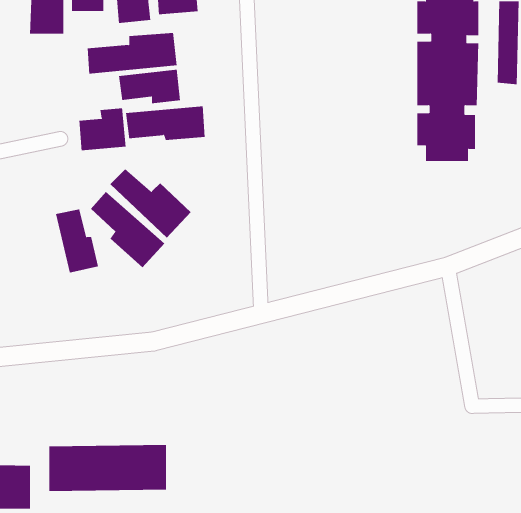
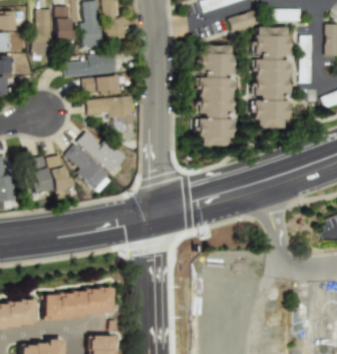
building: none -> [199,44,234,145]
building: [79,108,126,151] -> none
building: none -> [29,156,52,196]

